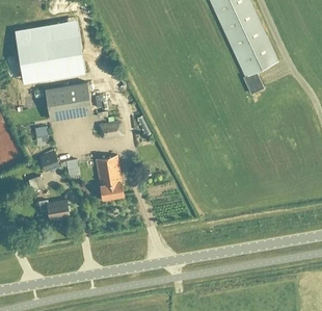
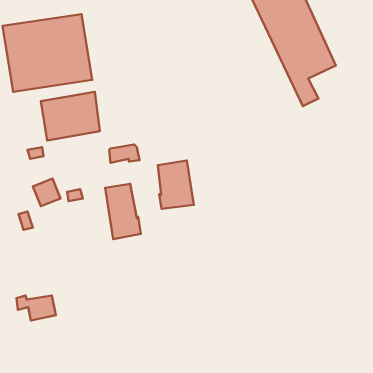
building: none -> [158,161,194,209]
building: [38,200,70,219] -> [16,295,56,320]

